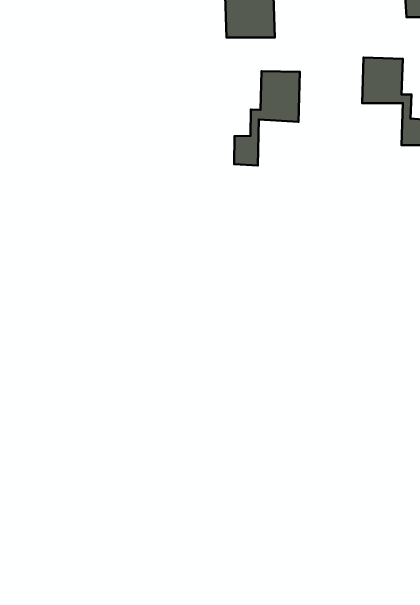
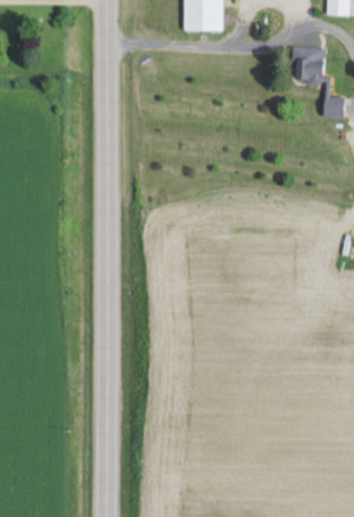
building: [234,71,300,165] -> none

